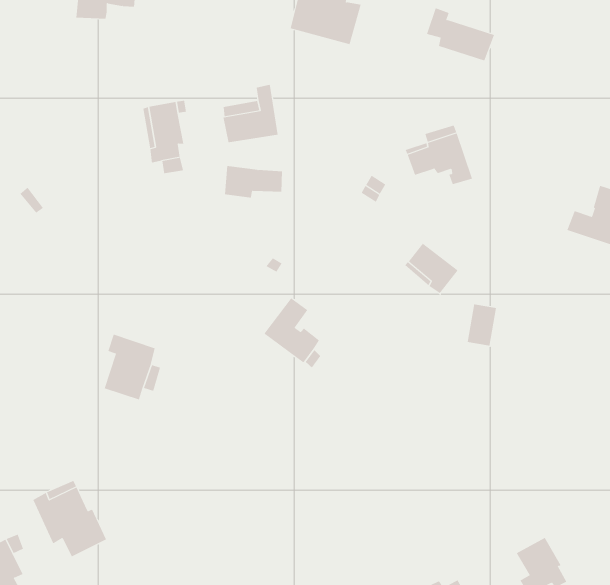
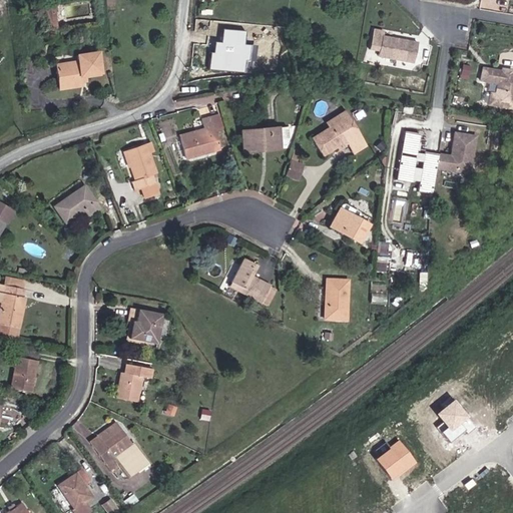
building: [426,8,495,61] -> [372,37,421,69]
building: none -> [403,129,434,180]
building: none -> [55,186,100,221]
building: [224,165,283,198] -> [242,129,286,153]
building: none -> [328,280,351,320]
building: none -> [114,364,150,402]

